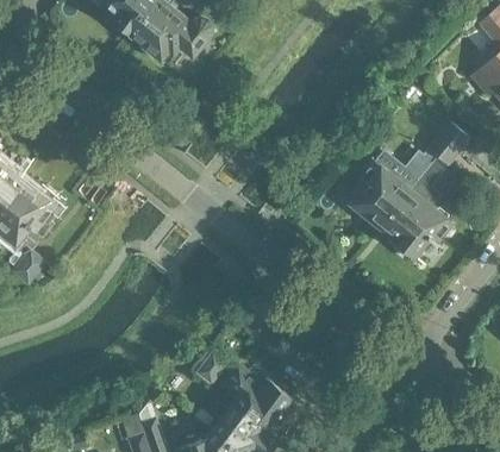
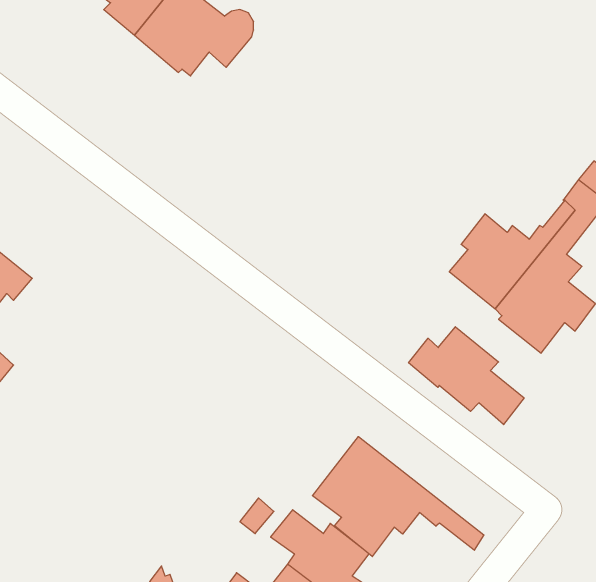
building: none -> [409,327,524,425]
building: none -> [312,437,484,557]

